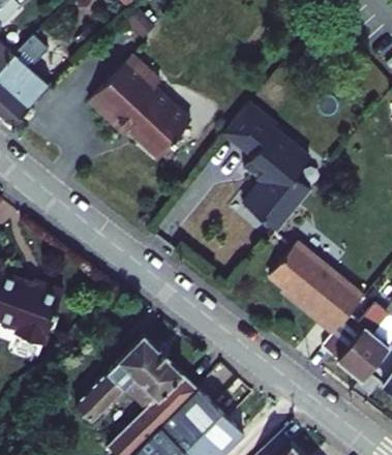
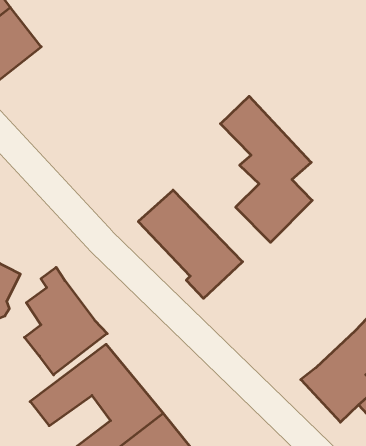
building: [88,54,188,158] -> none
building: [266,245,364,339] -> [138,190,243,298]
building: none -> [24,267,107,375]

